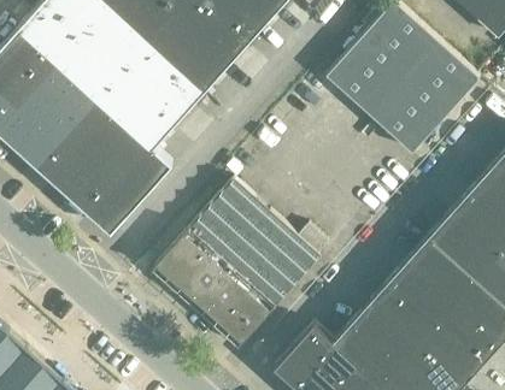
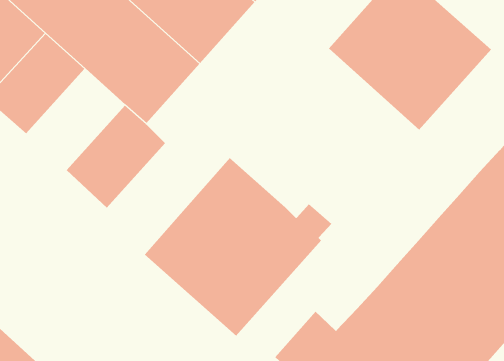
building: [41,96,134,191] -> none

